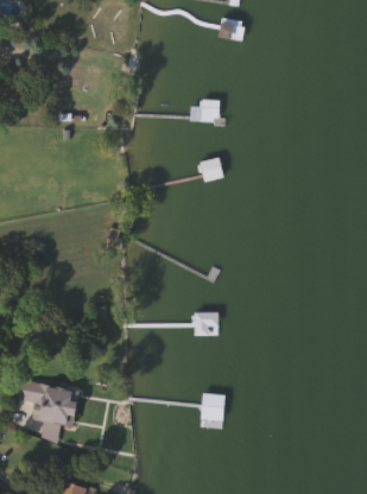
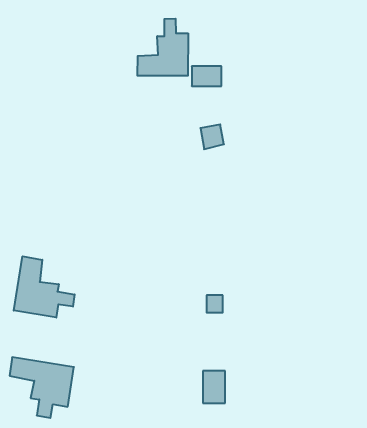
building: none -> [137,19,188,76]
building: none -> [14,256,75,318]

